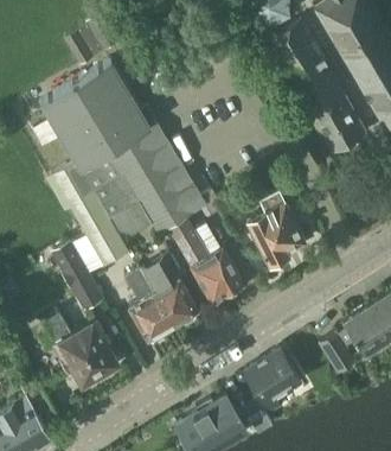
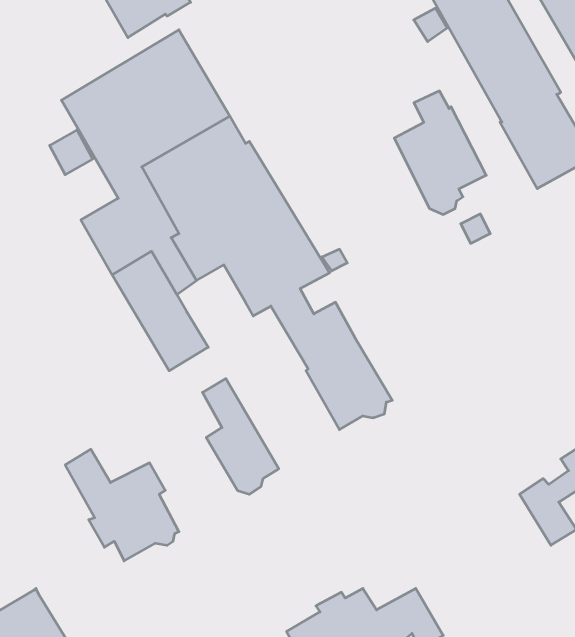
building: [249,192,305,267] -> [394,91,486,214]
building: [113,203,154,236] -> none
building: [51,244,101,312] -> none
building: [142,254,196,326] -> none
building: [244,349,301,414] -> none

